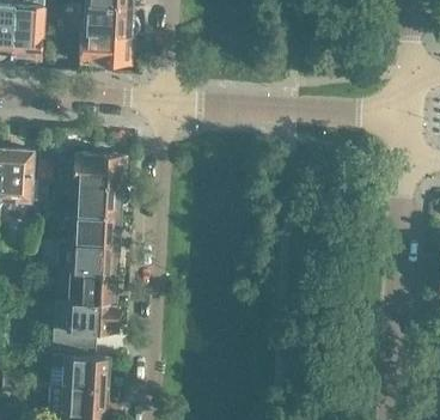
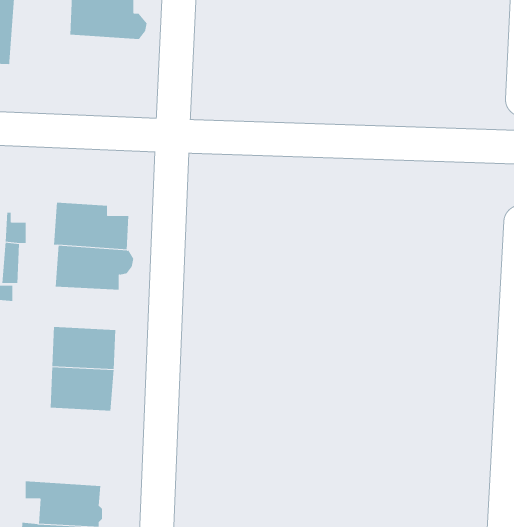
building: [79,30,134,63] -> none
building: [72,212,120,243] -> none
building: [54,298,118,347] -> none

